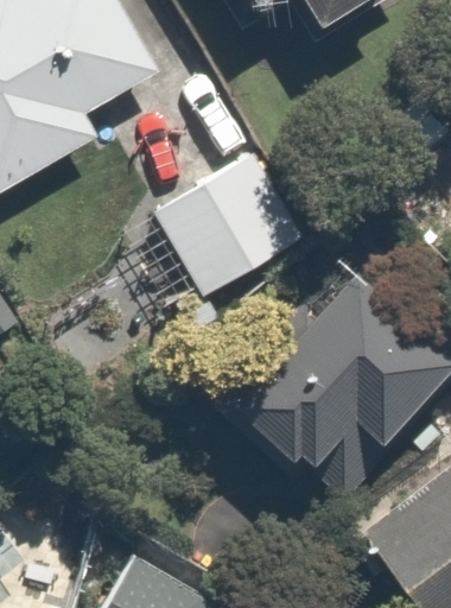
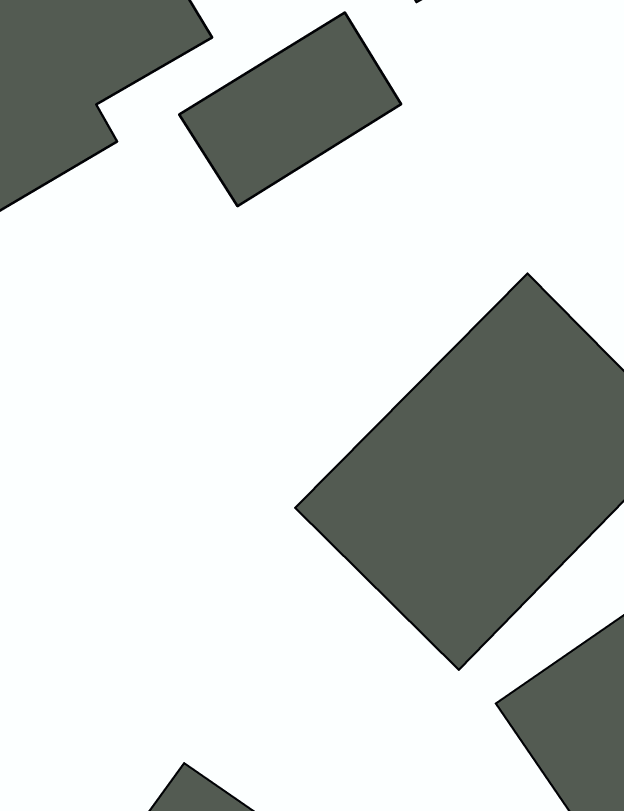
building: [148,146,298,277] -> [179,12,401,206]

